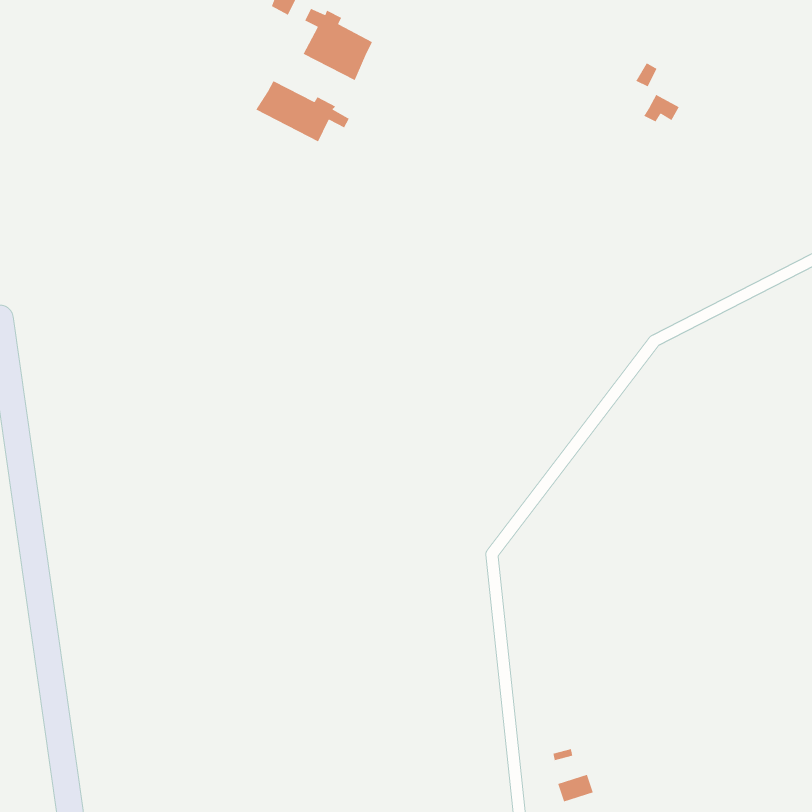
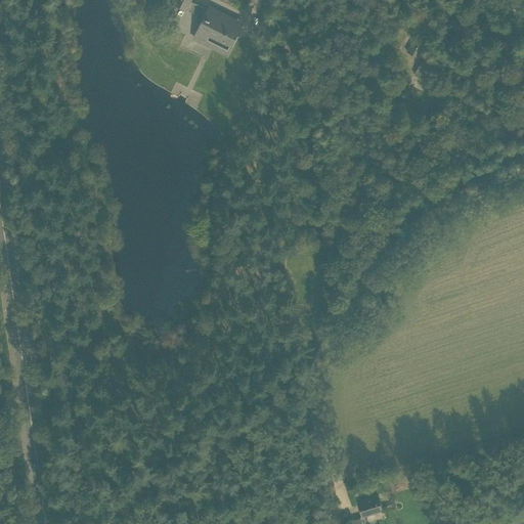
building: [255,80,350,142] -> none

